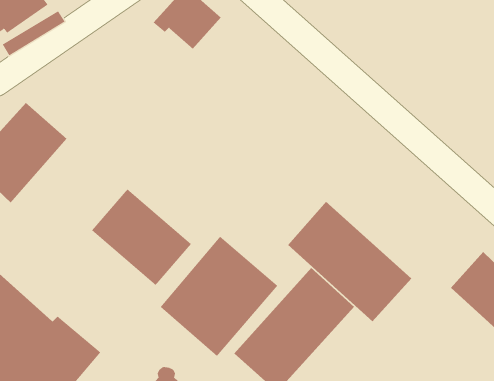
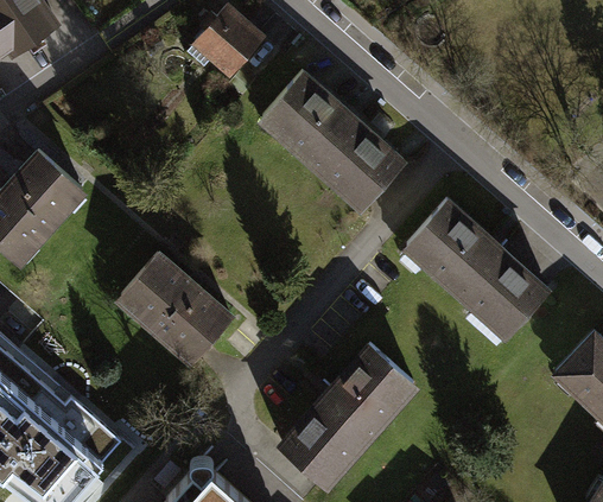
building: none -> [256,71,406,214]
building: [287,201,412,322] -> [402,198,552,343]
building: [160,236,278,357] -> none

